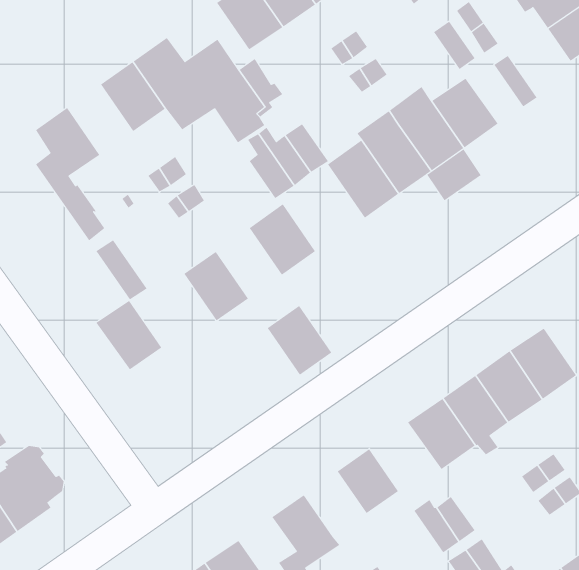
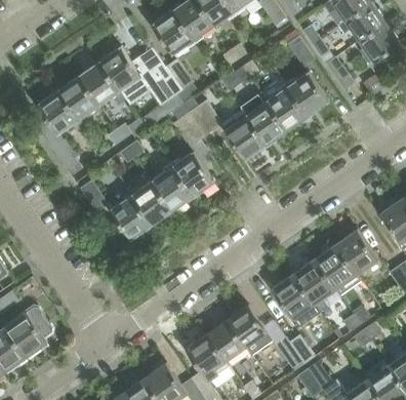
building: none -> [57,77,98,121]
building: [427,149,482,201] -> none
building: [95,300,162,370] -> [109,196,151,240]
building: [267,305,332,376] -> [151,167,192,211]
building: none -> [206,320,245,361]

